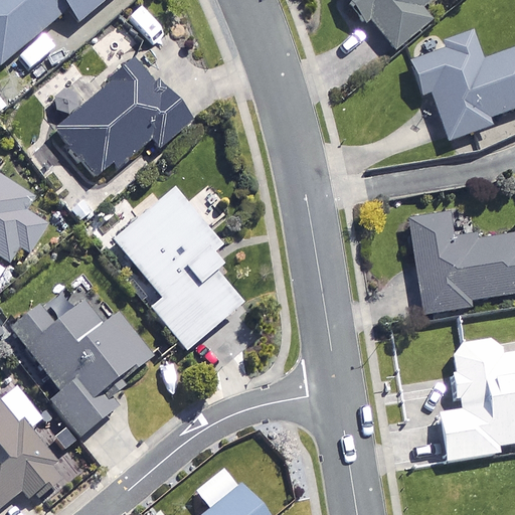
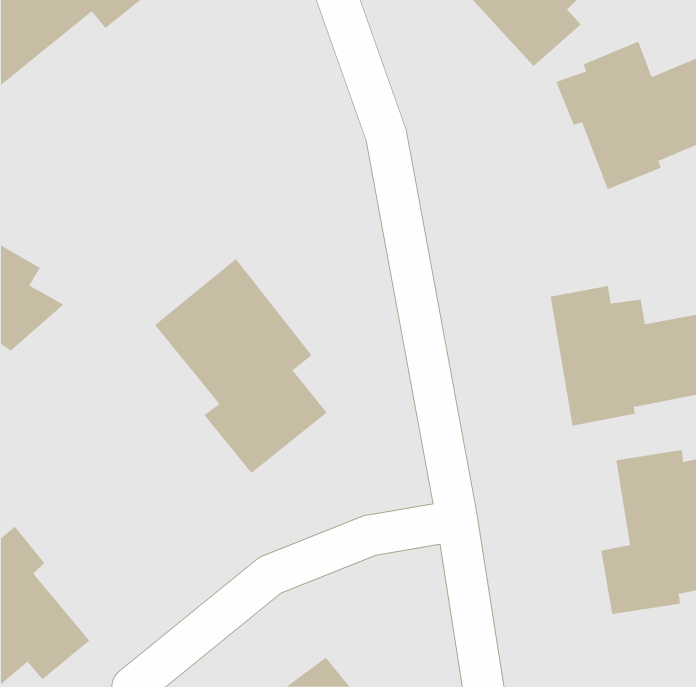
building: [53,59,191,184] -> none
building: [11,293,152,437] -> none

